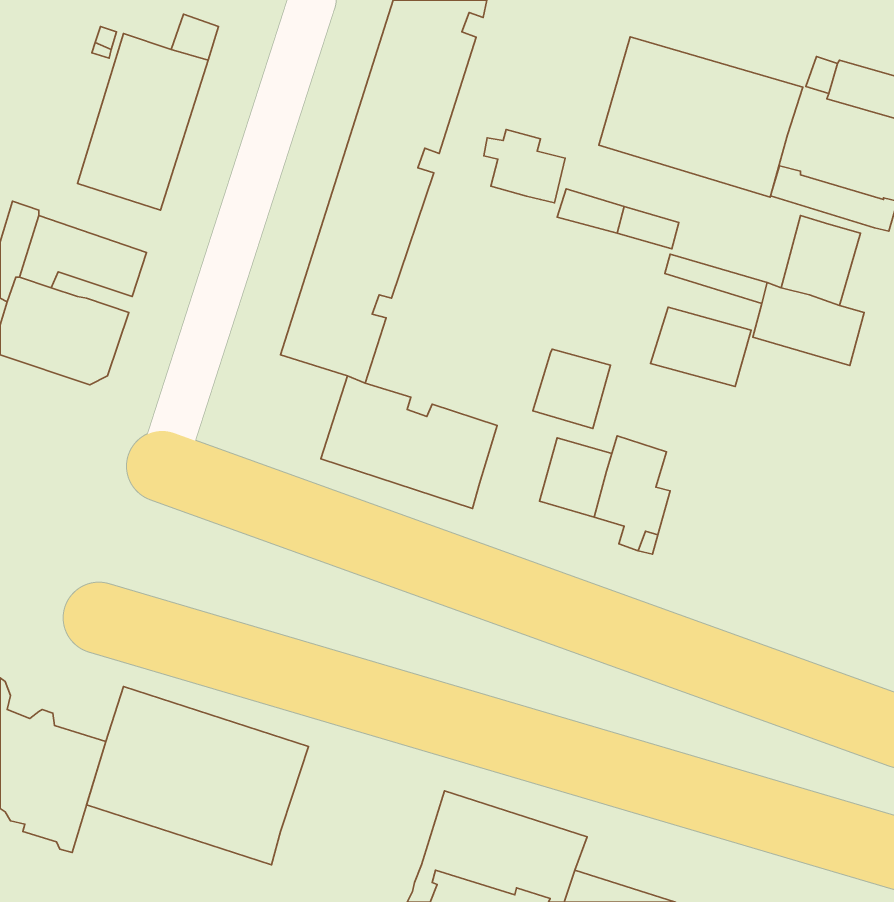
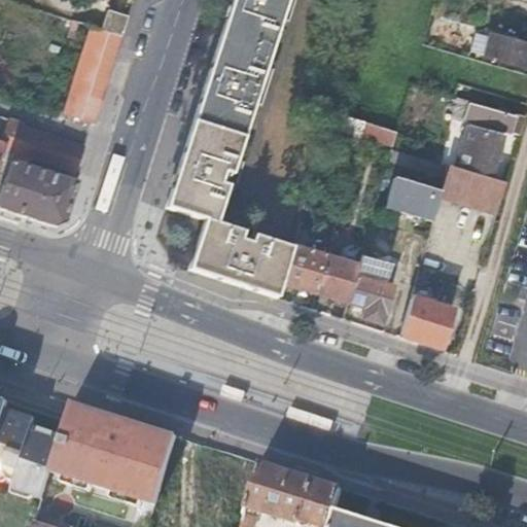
building: [599,37,803,197] -> none
building: [484,130,565,203] -> none
building: [533,349,610,429] -> [284,246,329,292]
building: none -> [403,272,455,349]

